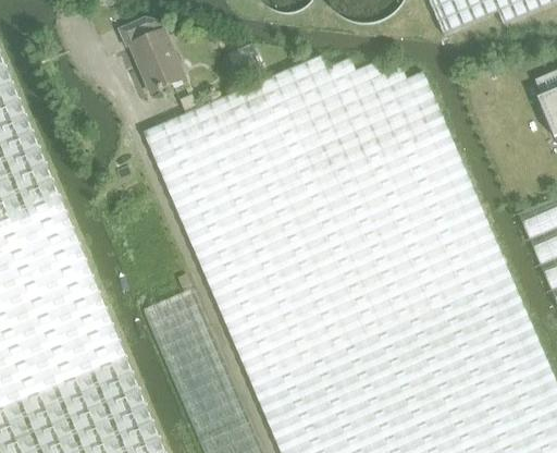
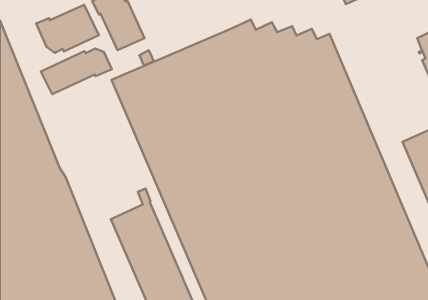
building: none -> [36,5,99,53]
building: none -> [41,48,112,94]

